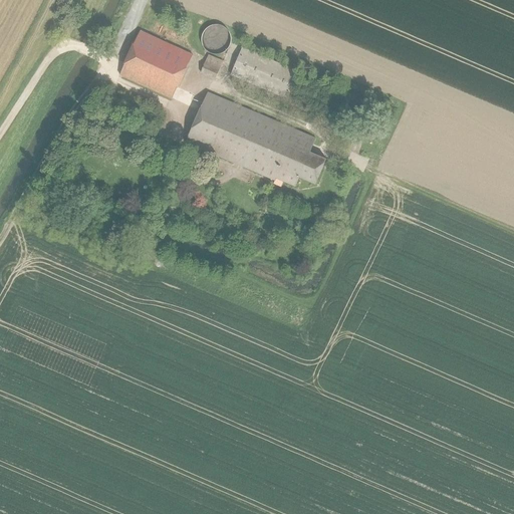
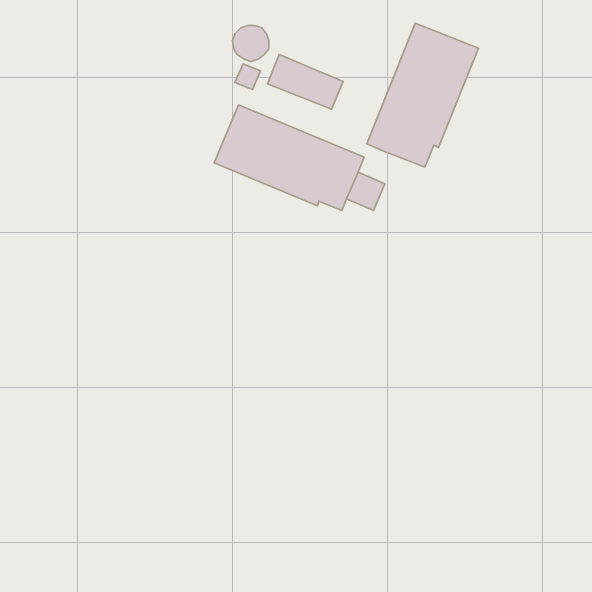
building: none -> [367,23,478,167]
building: [120,30,191,96] -> none

